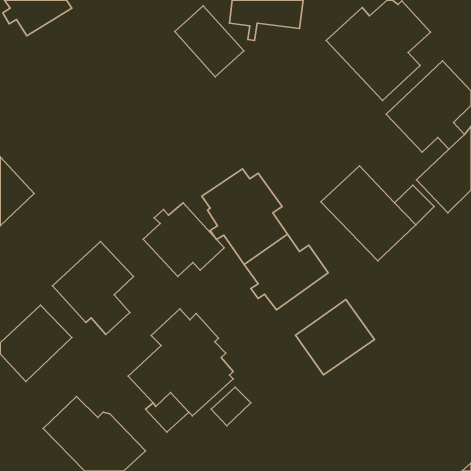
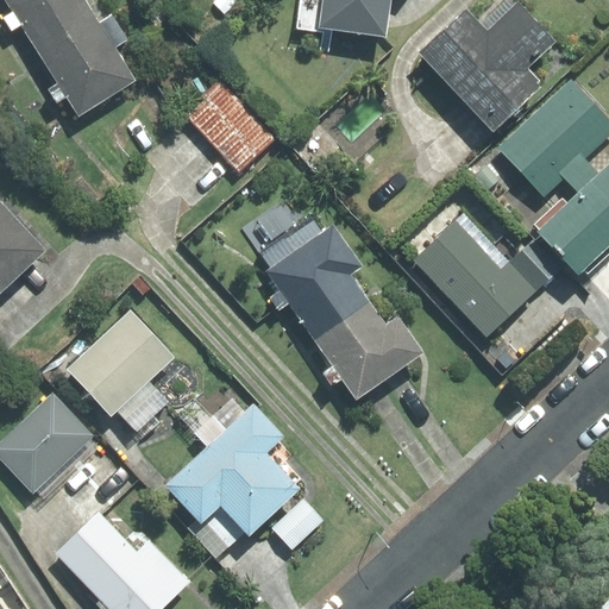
building: [175,6,244,77] -> [187,80,276,171]
building: none -> [34,11,136,117]
building: [143,203,224,277] -> none
building: [296,300,375,375] -> none

